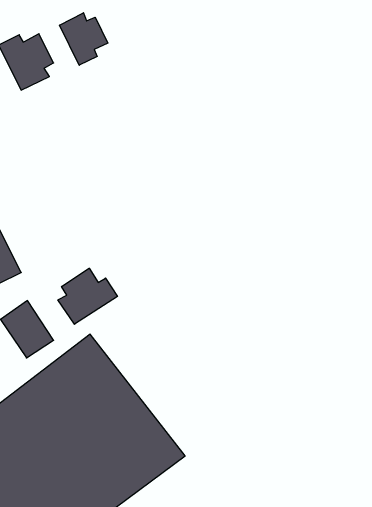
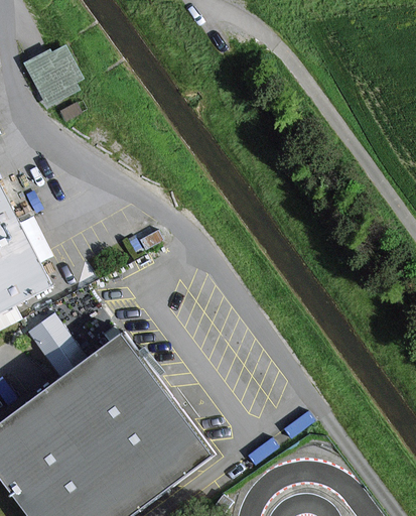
building: [60,13,108,65] -> none
building: [58,268,117,324] -> none

